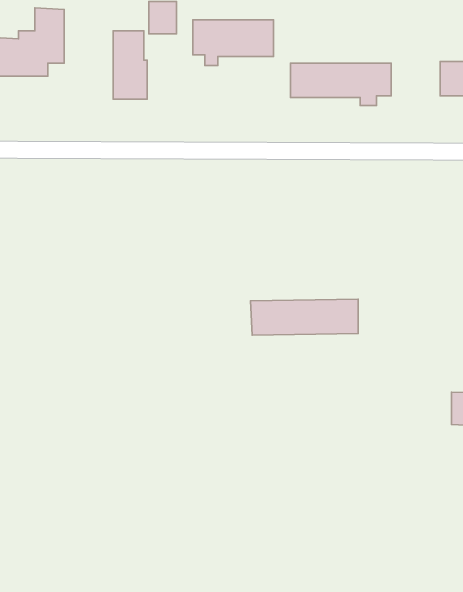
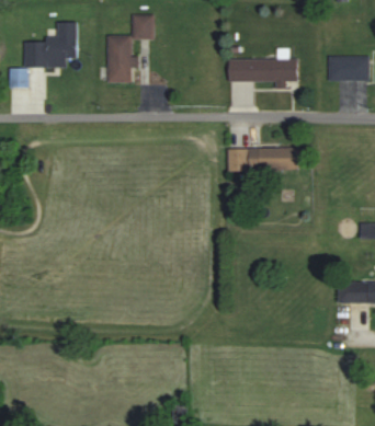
building: [193,20,274,65] -> none
building: [251,299,358,335] -> [227,148,299,172]

